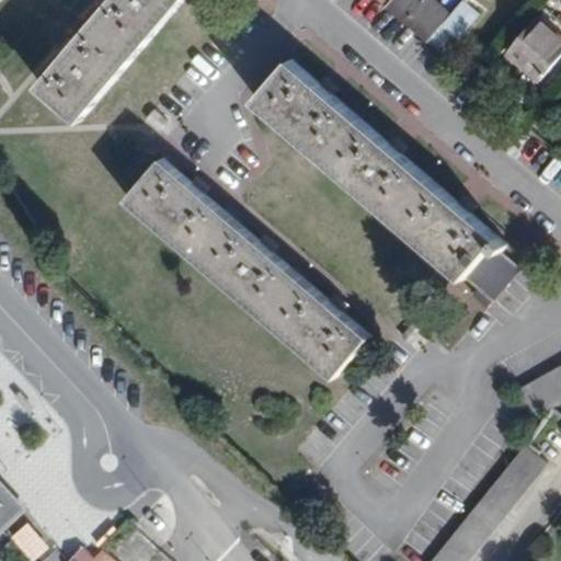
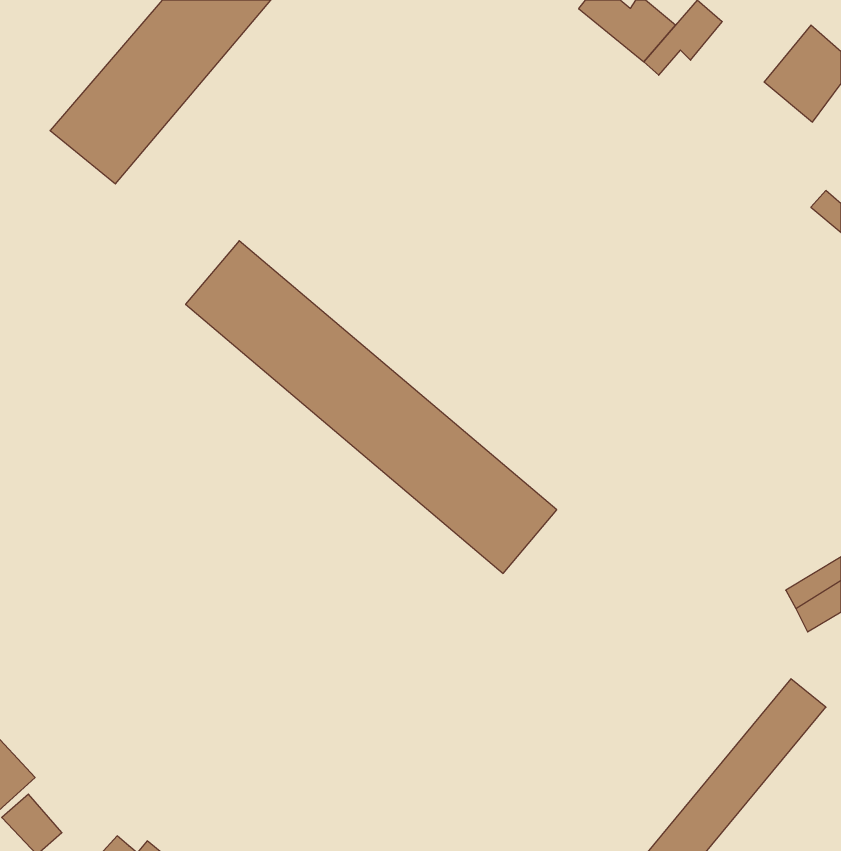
building: [251,60,516,304] -> none

